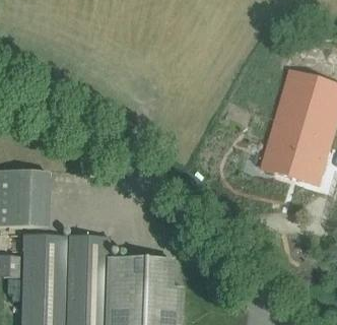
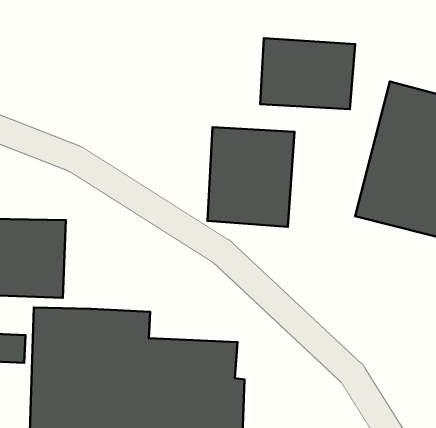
building: none -> [260,38,355,109]
building: none -> [208,127,294,227]

